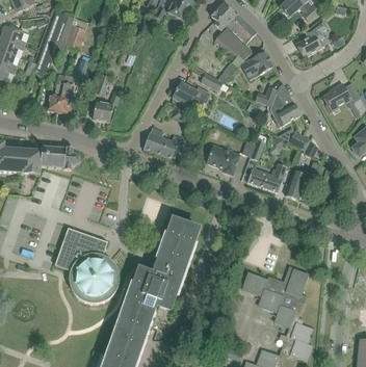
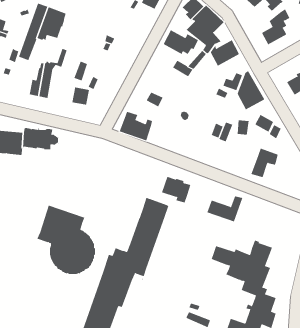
building: [173,81,211,108] -> [163,30,199,55]
building: [207,145,239,174] -> [161,176,191,203]
building: [247,163,287,191] -> [206,196,243,222]

